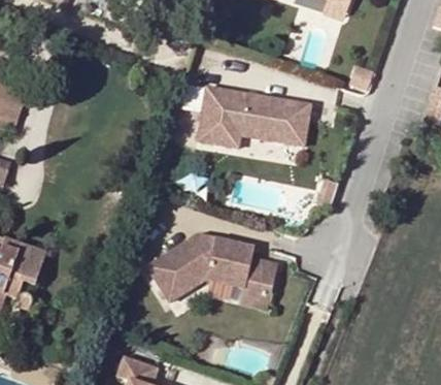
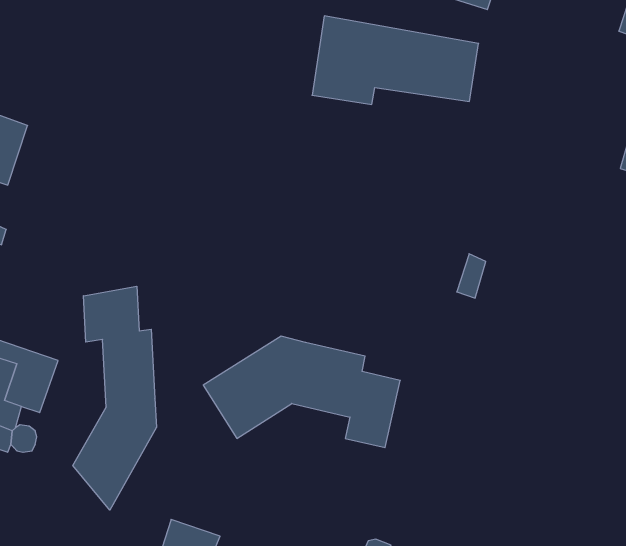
building: [198,87,310,147] -> [312,16,479,104]
building: none -> [73,286,157,510]

